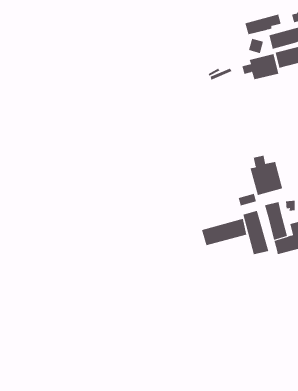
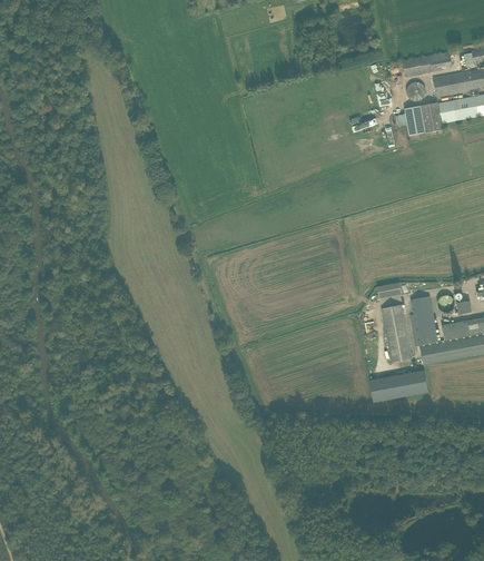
building: [250,155,283,196] -> none
building: [201,218,247,246] -> [373,370,432,402]

